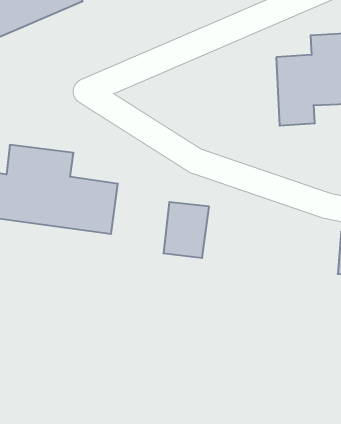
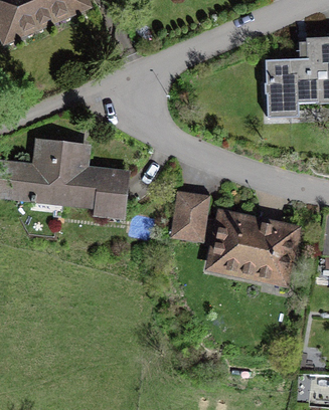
building: none -> [203,207,301,284]

